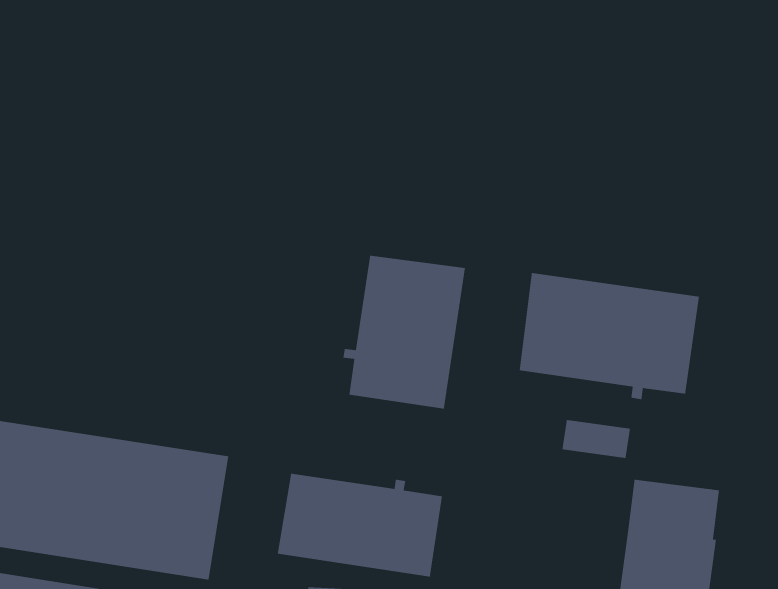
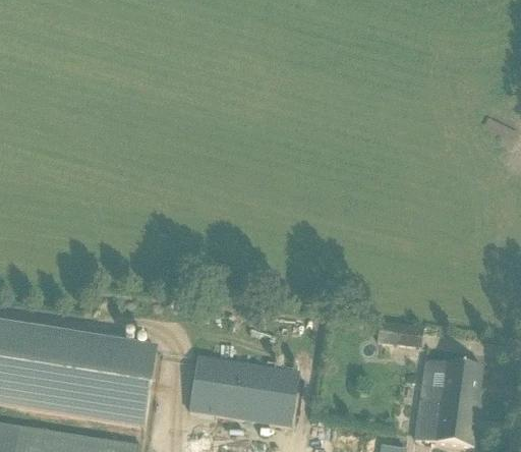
building: [343,255,466,409] -> none
building: [519,272,700,400] -> none

